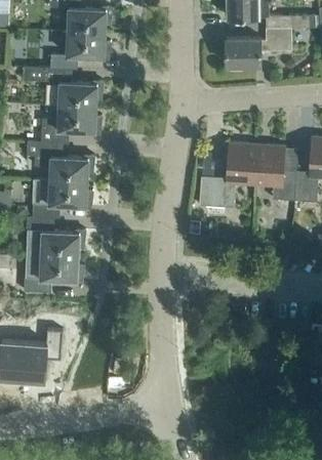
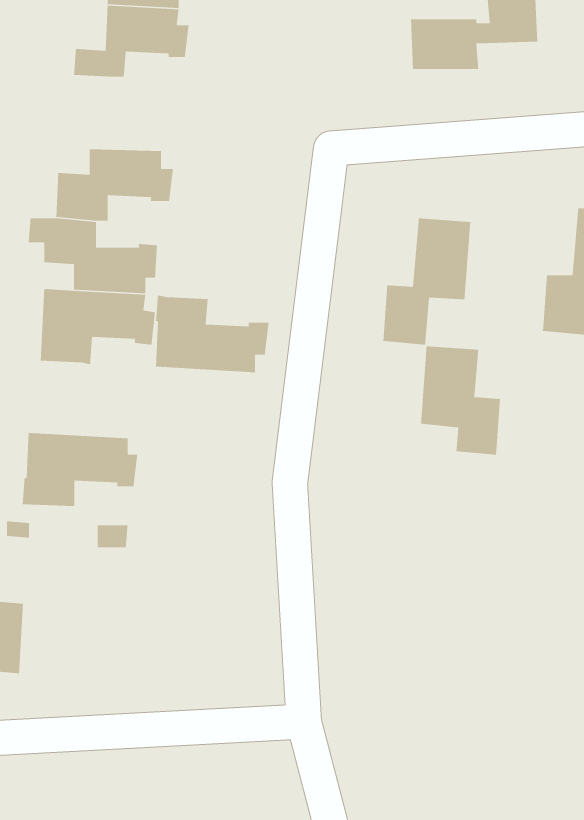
building: [23,67,103,108] -> none
building: [253,144,295,202] -> [420,345,501,456]
building: [26,216,85,257] -> [155,294,270,373]
building: [22,343,59,382] -> none

